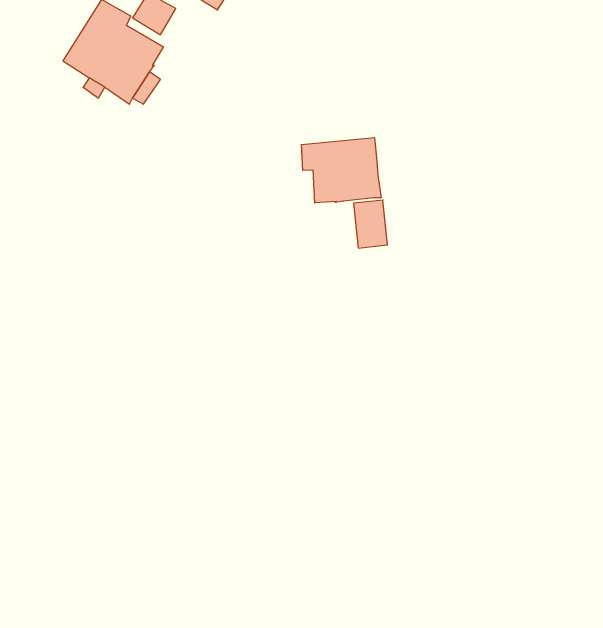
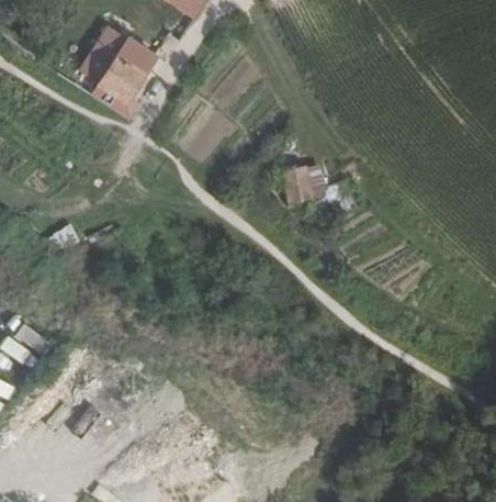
building: [302,138,381,203] -> none

